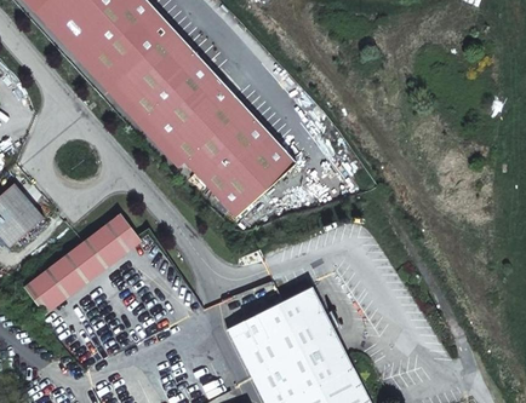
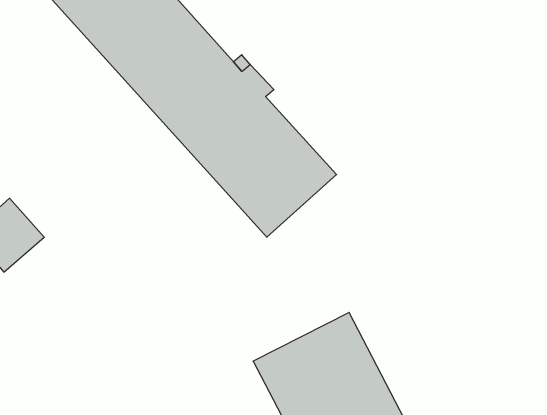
building: [19,214,137,316] -> none

